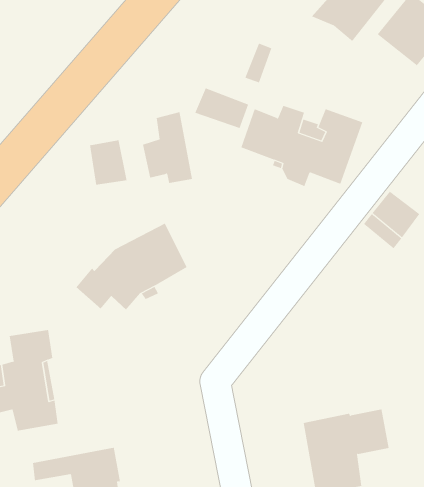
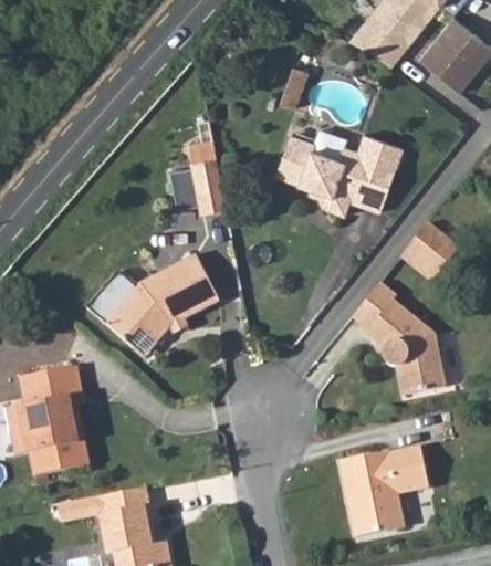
building: [195,87,249,129] -> none
building: [90,140,127,185] -> none
building: none -> [352,281,443,396]

